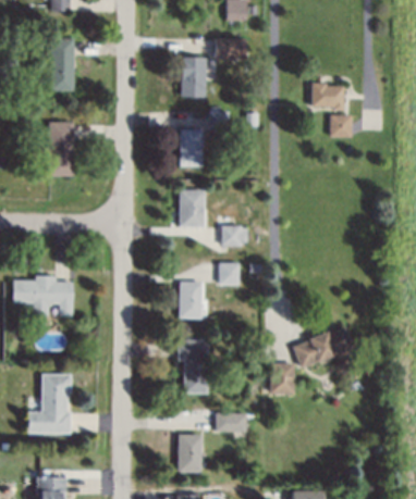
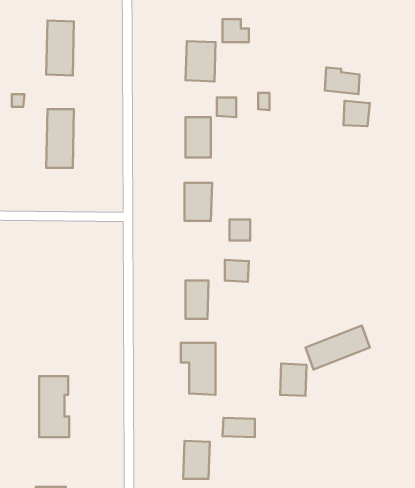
building: [13,276,72,317] -> none

